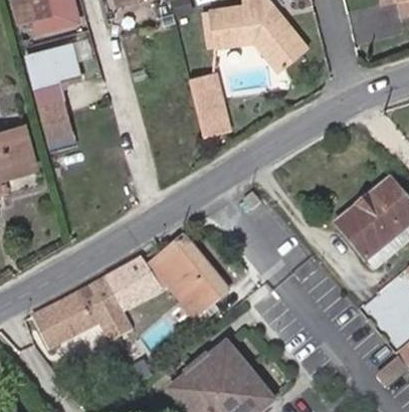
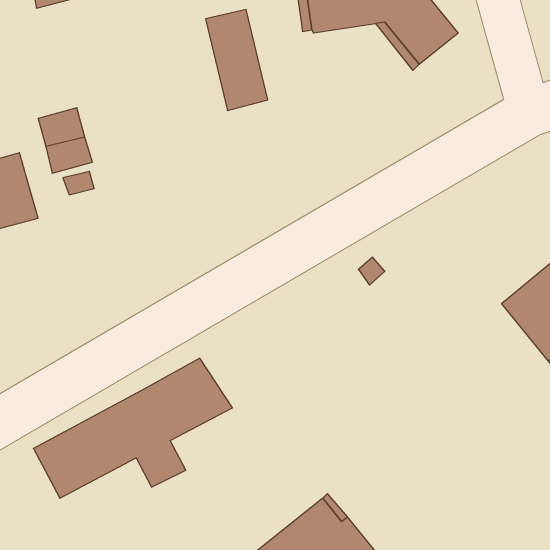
building: [25,42,80,89] -> none
building: [189,71,229,137] -> [206,9,268,111]
building: [151,237,226,318] -> none

